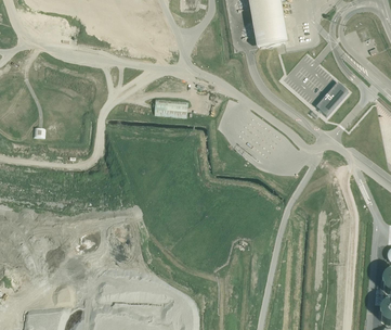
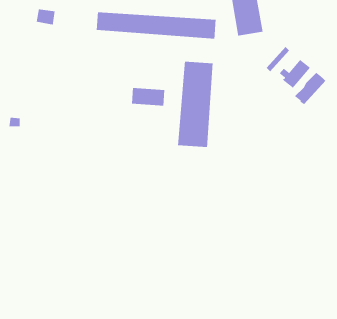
building: none -> [96,11,216,39]
building: none -> [178,61,213,148]

